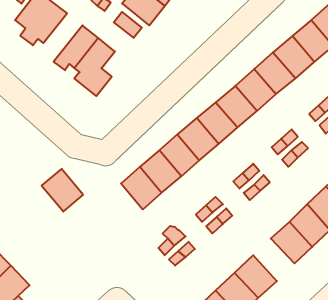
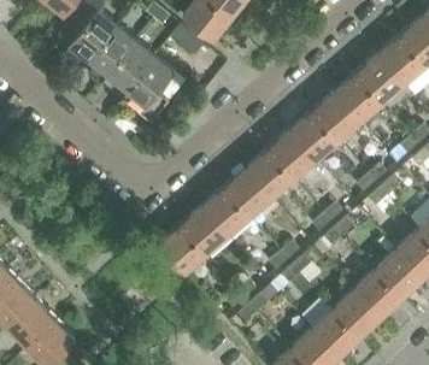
building: none -> [92,28,137,84]
building: [42,169,83,212] -> [159,225,207,275]
building: none -> [335,289,383,338]

